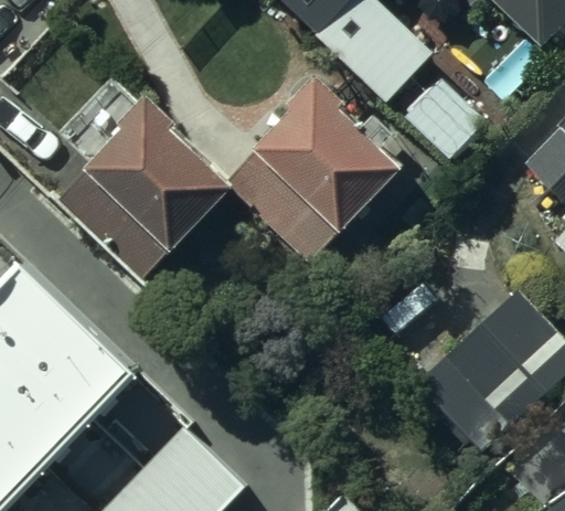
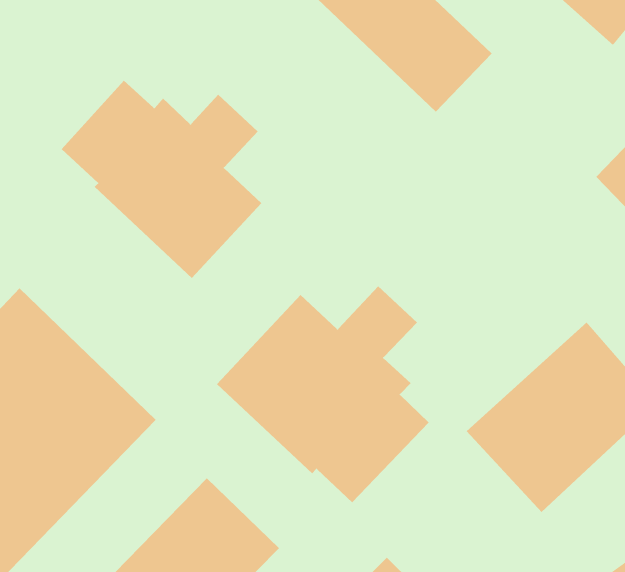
building: [250,75,403,235] -> none
building: none -> [216,286,429,503]

